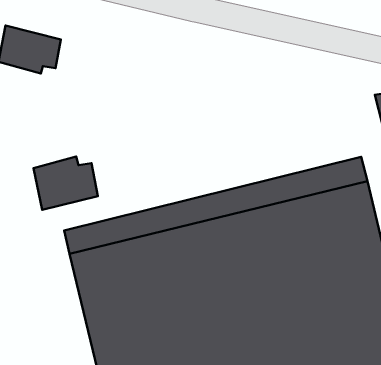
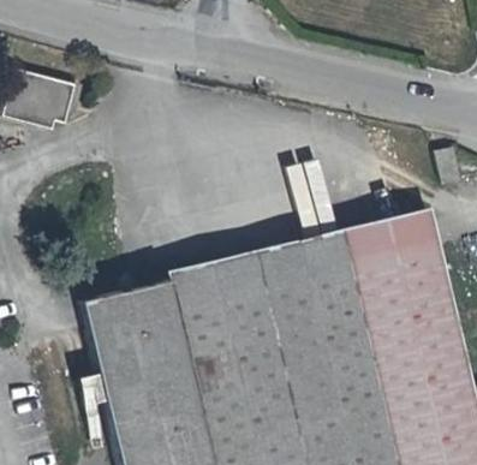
building: [34,156,98,210] -> none

